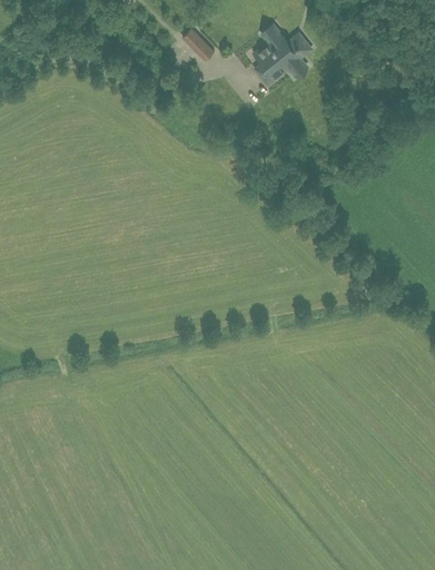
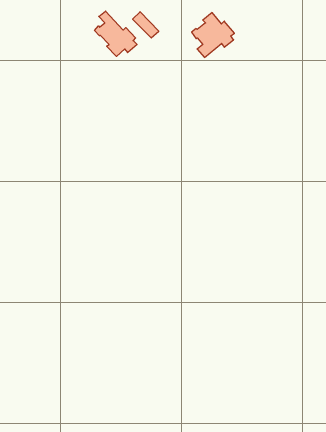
building: none -> [95,11,137,56]

